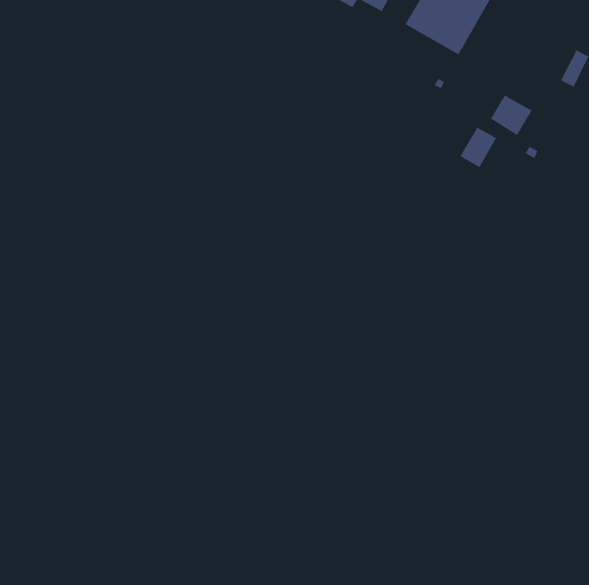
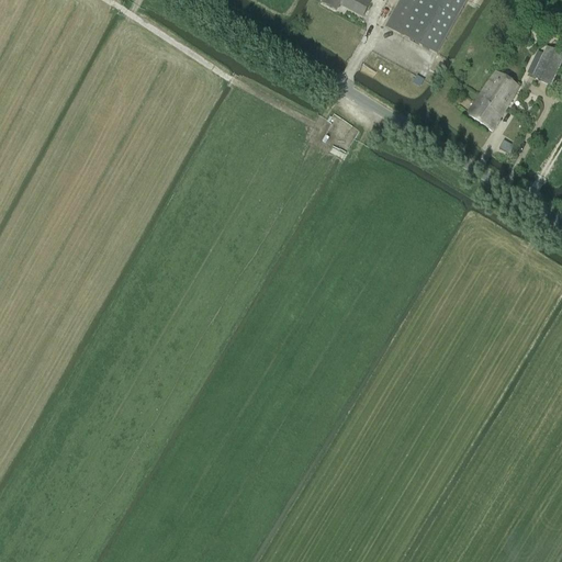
building: none -> [481,69,519,105]
building: [459,127,497,168] -> none

